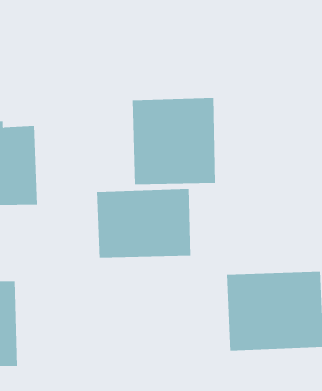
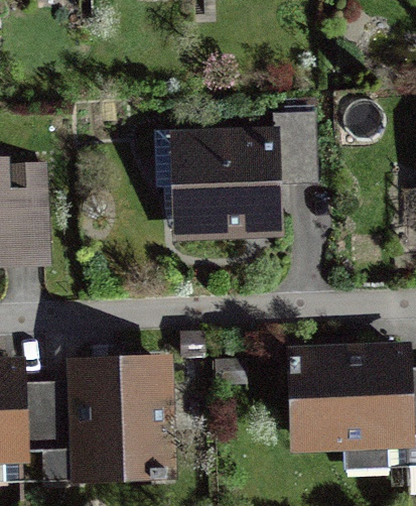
building: [96,188,191,259] -> none
building: none -> [66,353,176,481]

